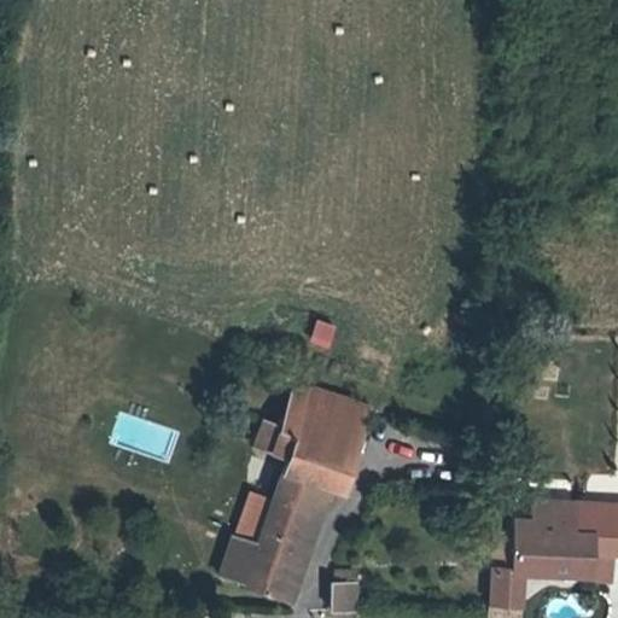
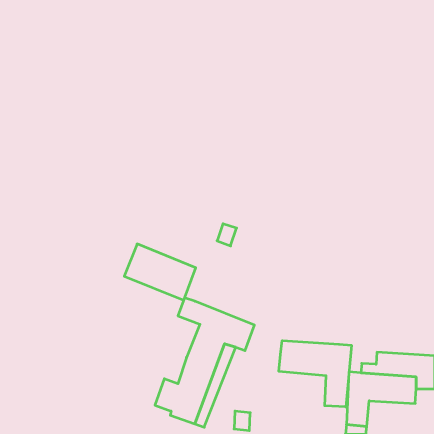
building: [278,381,379,461] -> [124,244,196,300]
building: none -> [279,341,351,407]

